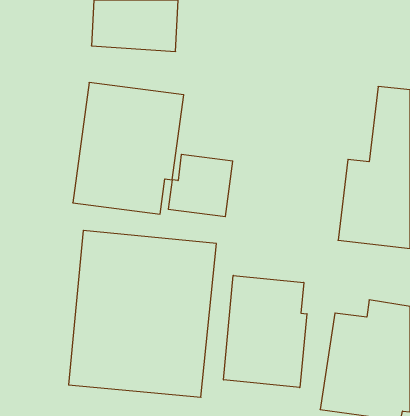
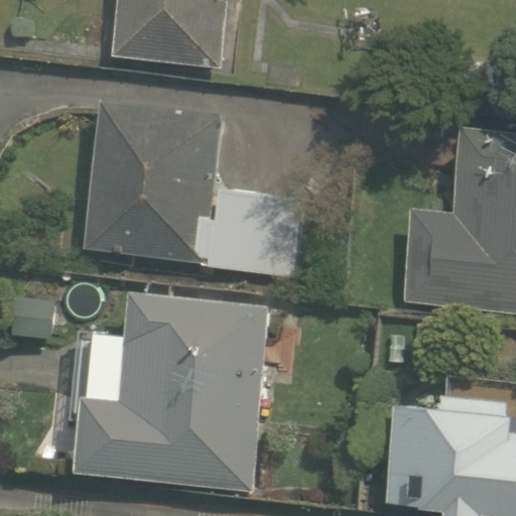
building: [224,275,307,388] -> none

